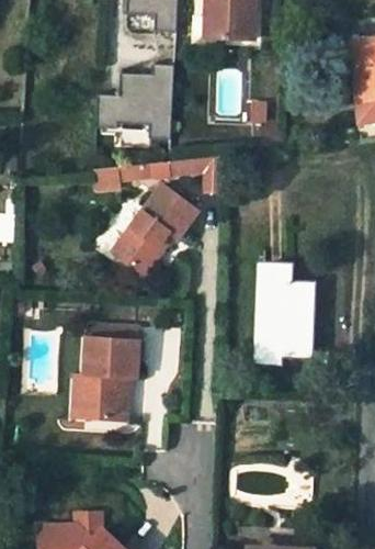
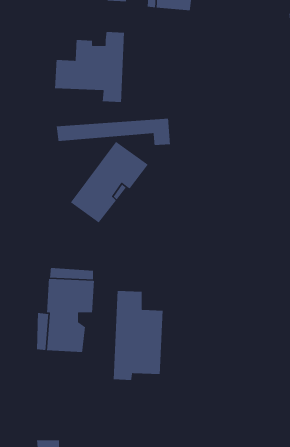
building: [257,264,313,363] -> [113,290,164,381]

